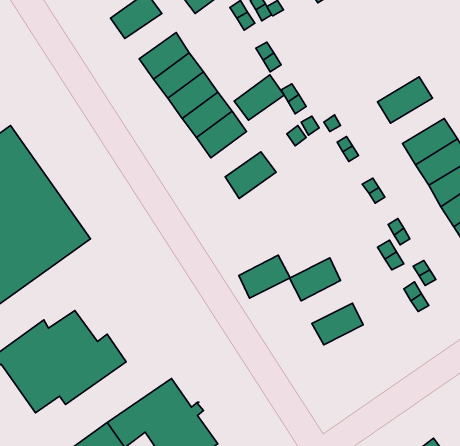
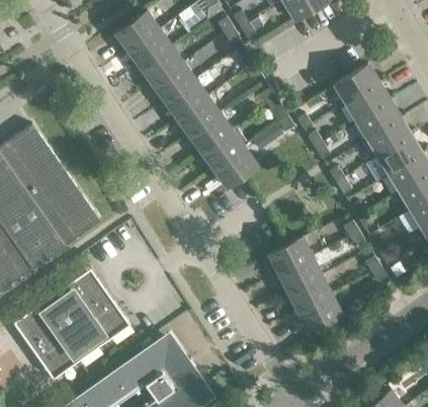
building: none -> [129,29,172,68]
building: none -> [332,65,378,104]
building: [234,75,284,120] -> [201,130,244,168]
building: none -> [354,101,400,140]
building: [239,255,290,298] -> [278,256,322,293]
building: none -> [297,294,341,330]

